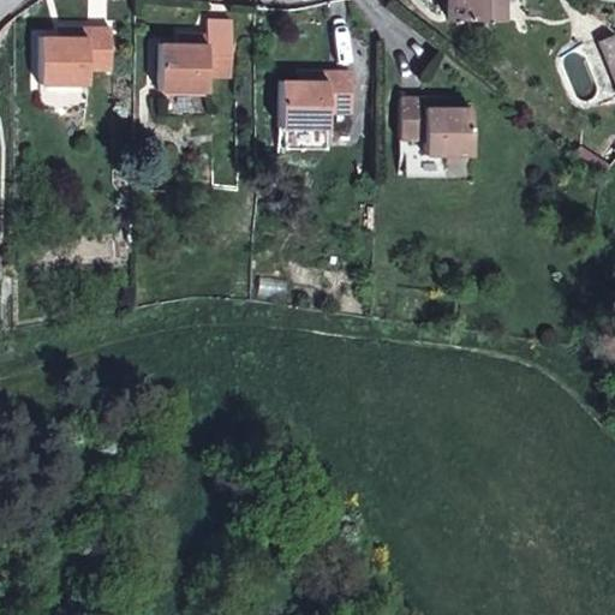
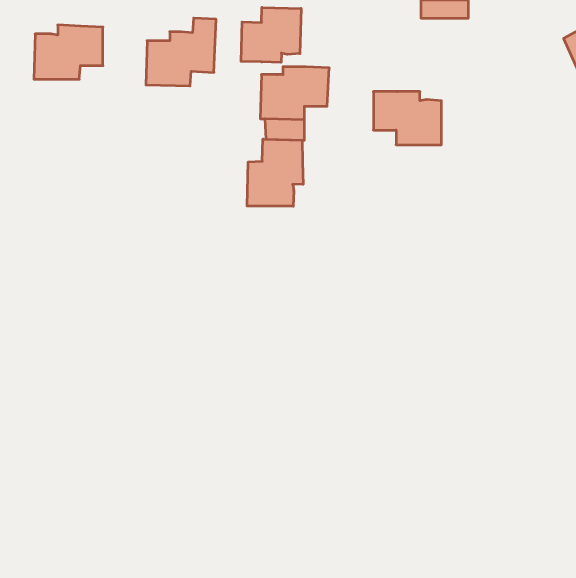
building: none -> [241,7,301,62]
building: none -> [247,139,303,206]

